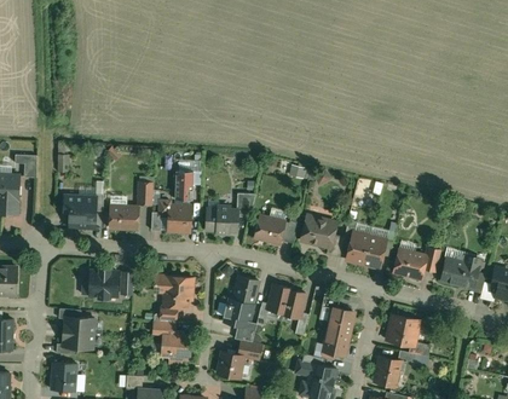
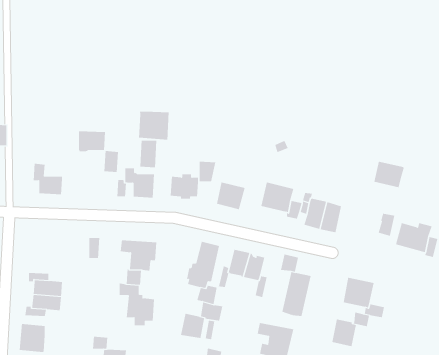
building: none -> [139,111,169,140]
building: [110,206,139,227] -> [78,131,106,152]
building: [394,249,427,277] -> [374,161,405,188]
building: [90,268,119,297] -> none

